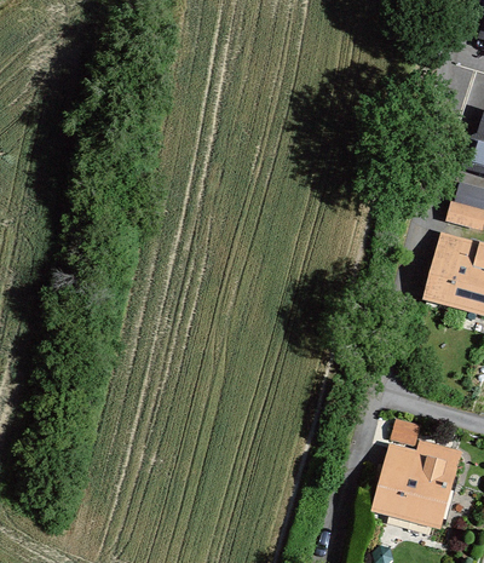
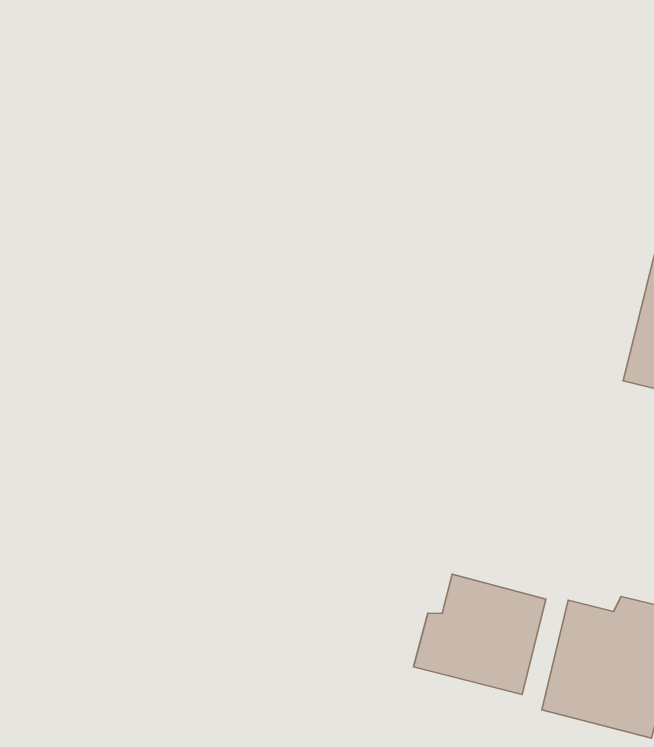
building: none -> [413,574,546,694]

